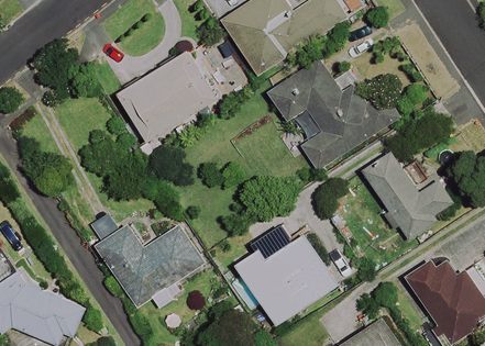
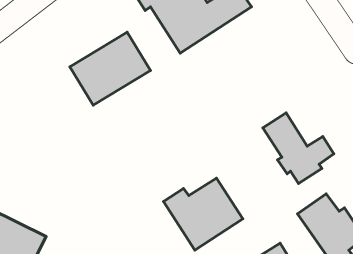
building: [268,59,400,170] -> none
building: [97,225,203,310] -> none

